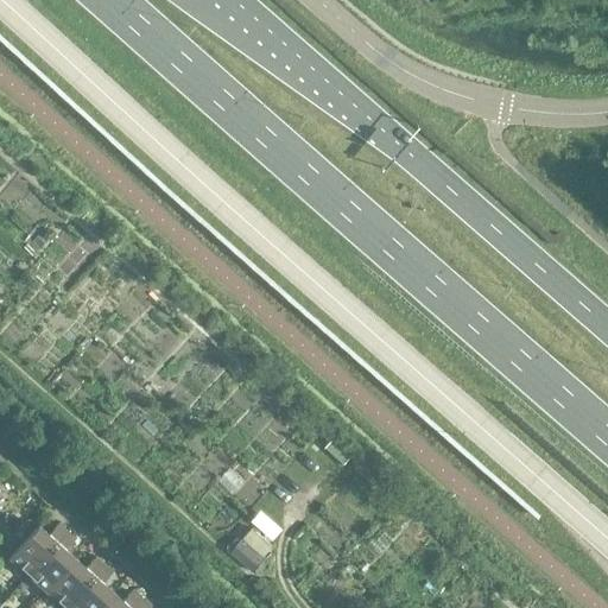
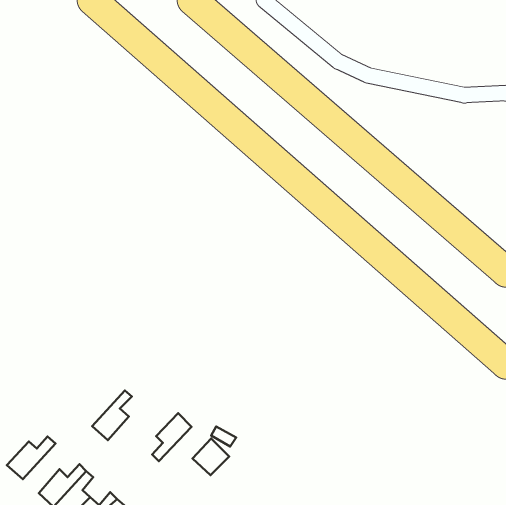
building: none -> [152,413,192,461]
building: [27,533,75,593] -> [92,391,132,440]

